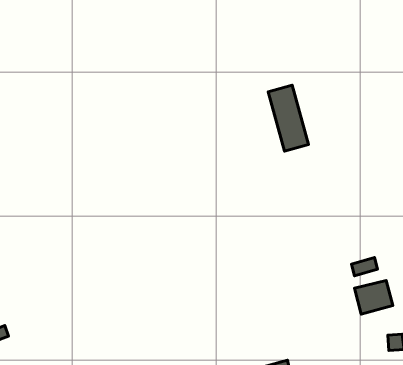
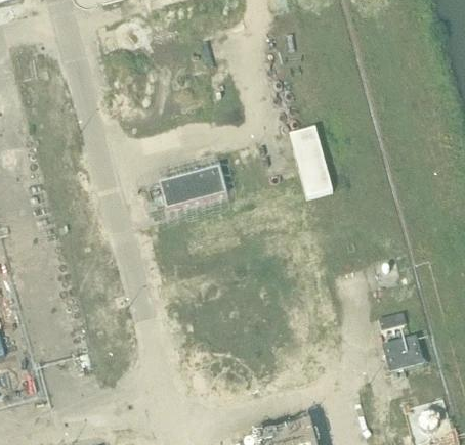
building: none -> [161,167,226,209]

